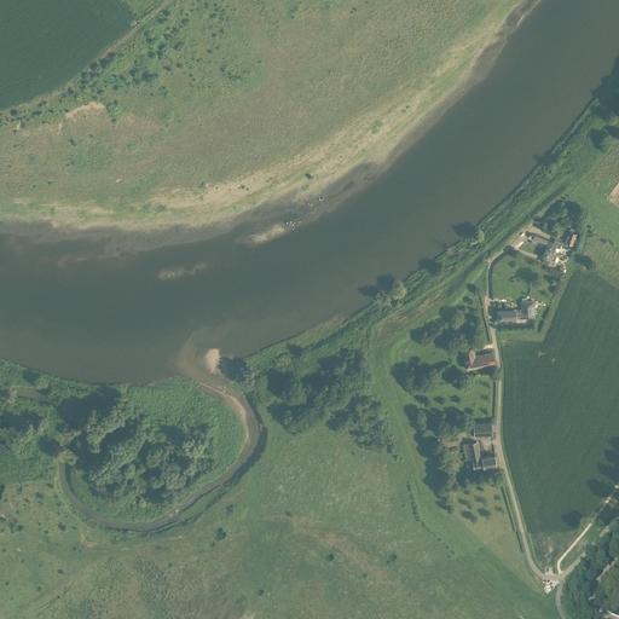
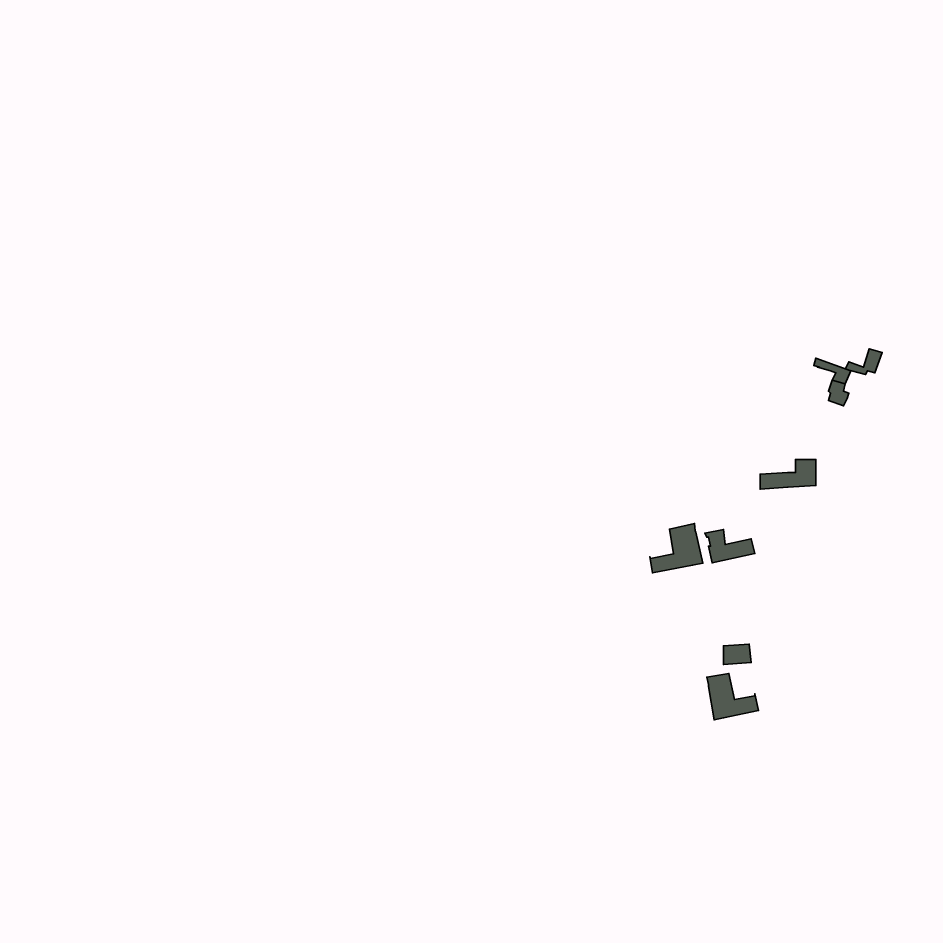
building: none -> [650,524,703,573]

